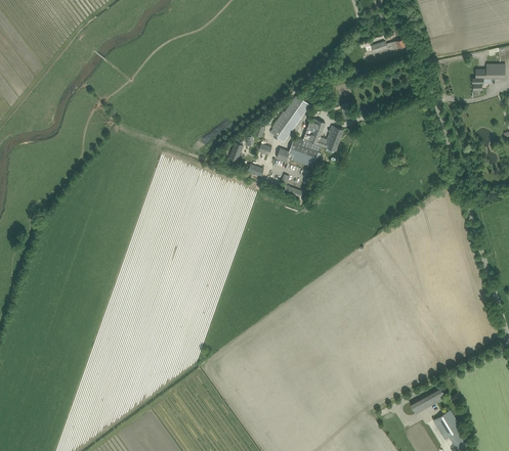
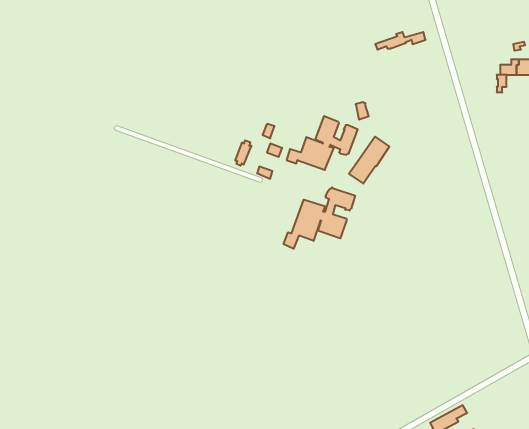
building: [269,98,307,142] -> [349,137,389,184]
building: none -> [284,187,355,249]

